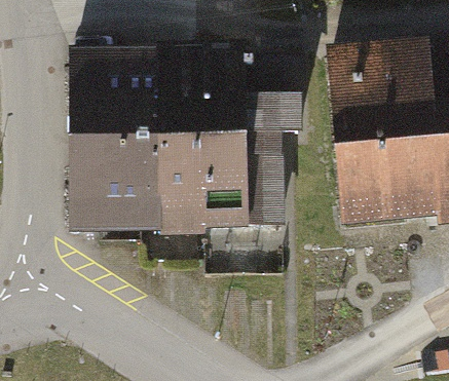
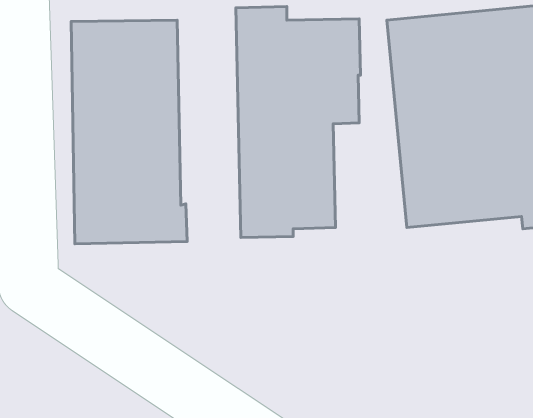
building: [155,39,208,236] -> none

